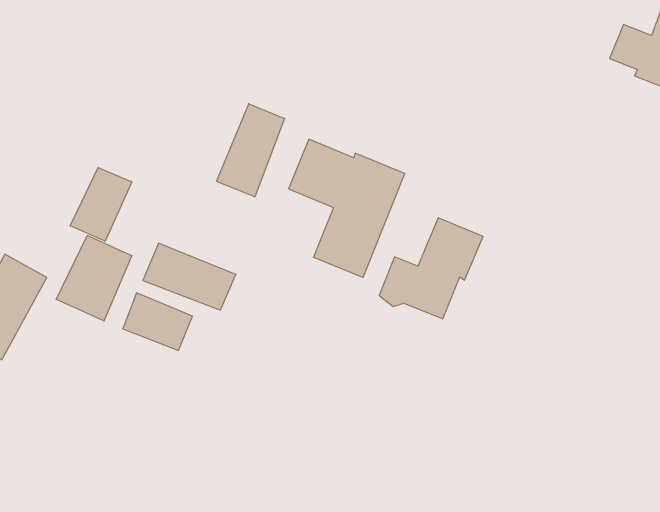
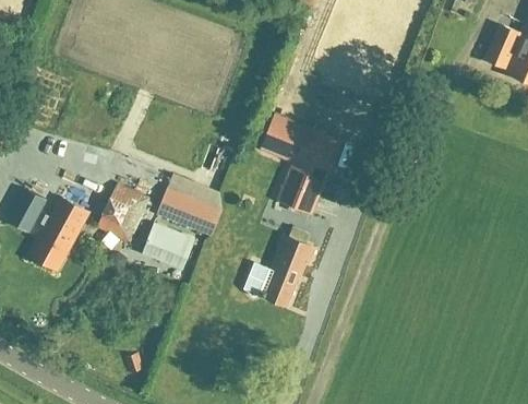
building: [216,104,285,197] -> none
building: [70,168,132,241] -> none
building: [379,218,483,319] -> [241,234,314,305]

